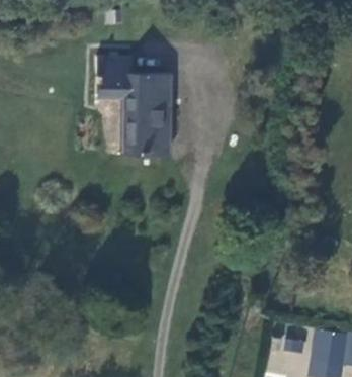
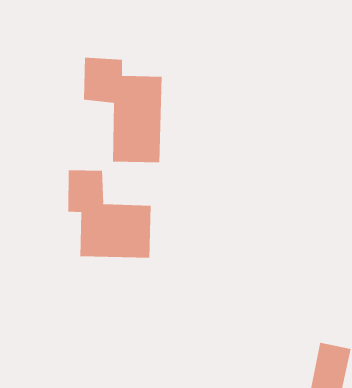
building: none -> [68,169,151,258]

